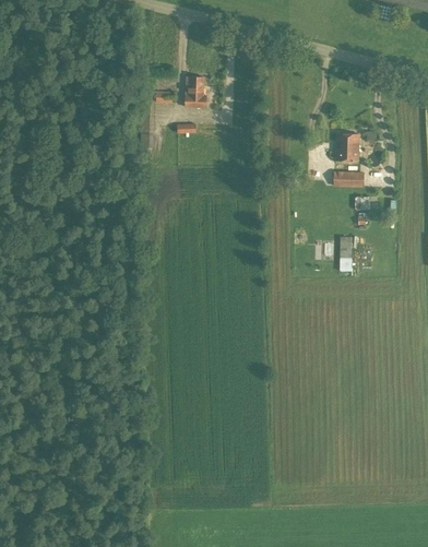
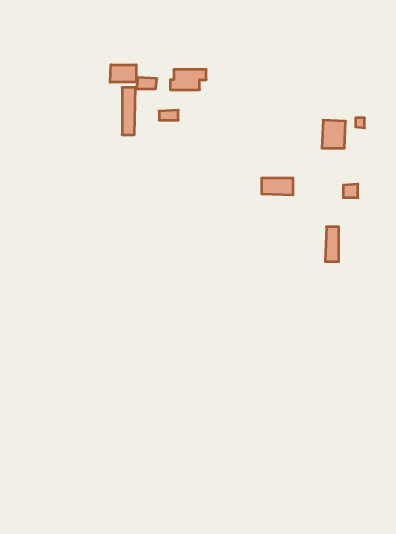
building: none -> [110,65,136,82]
building: [334,171,365,188] -> [262,178,293,195]

